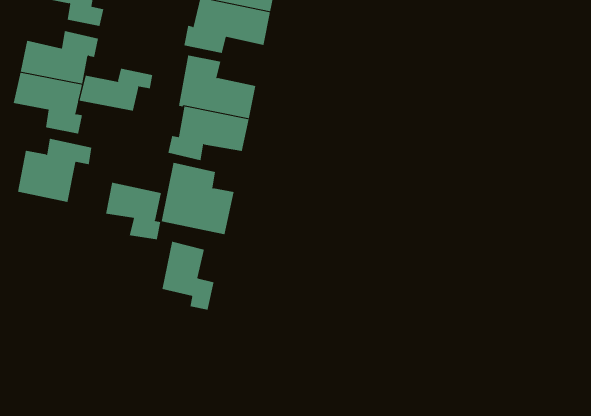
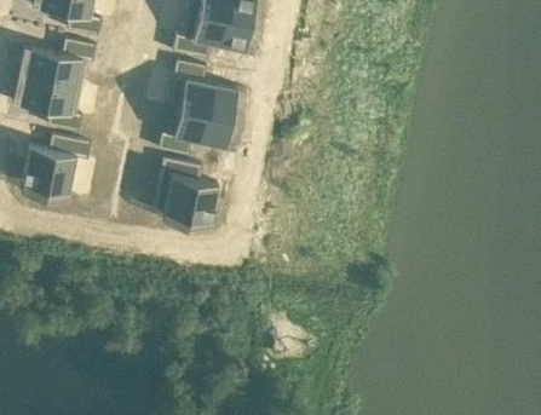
building: [79,68,153,112] -> none
building: [105,182,161,240] -> none
building: [162,241,214,310] -> none

